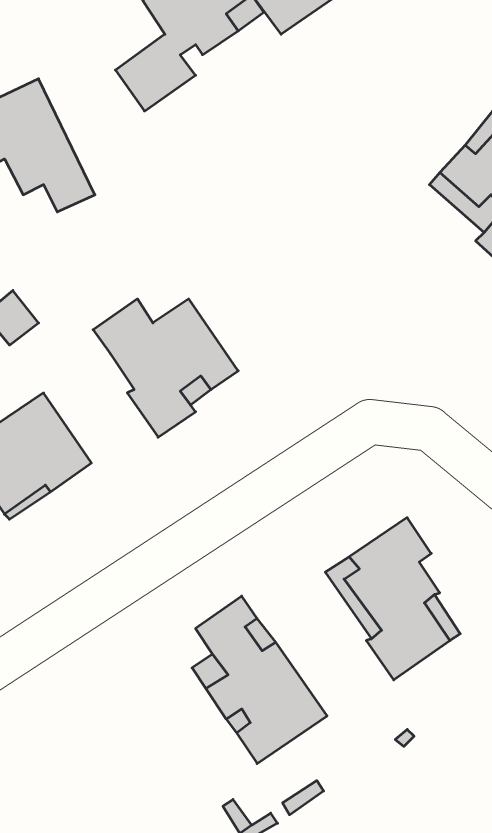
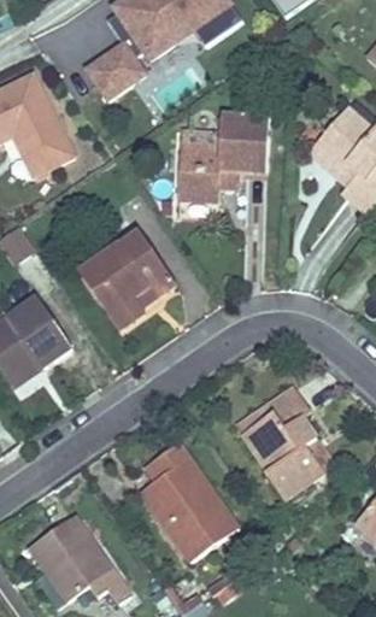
building: none -> [177,113,269,200]
building: none -> [29,513,130,603]

